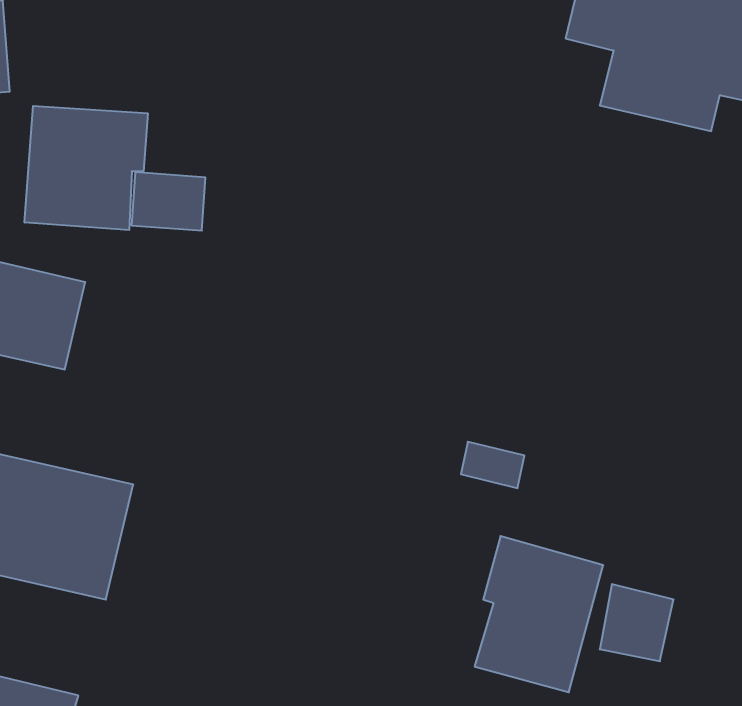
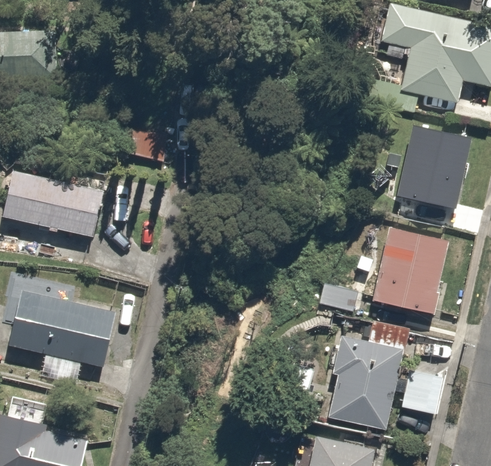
building: [25,106,148,230] -> none
building: none -> [394,124,469,206]
building: none -> [371,225,454,321]

